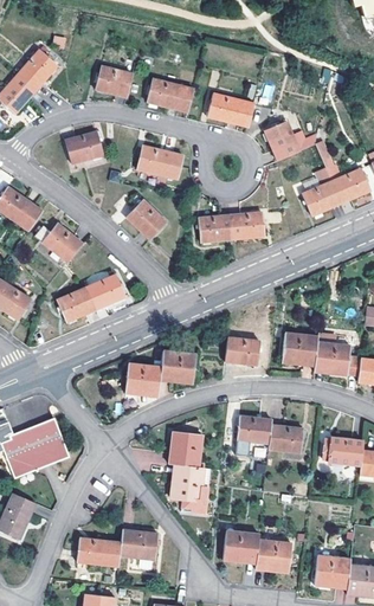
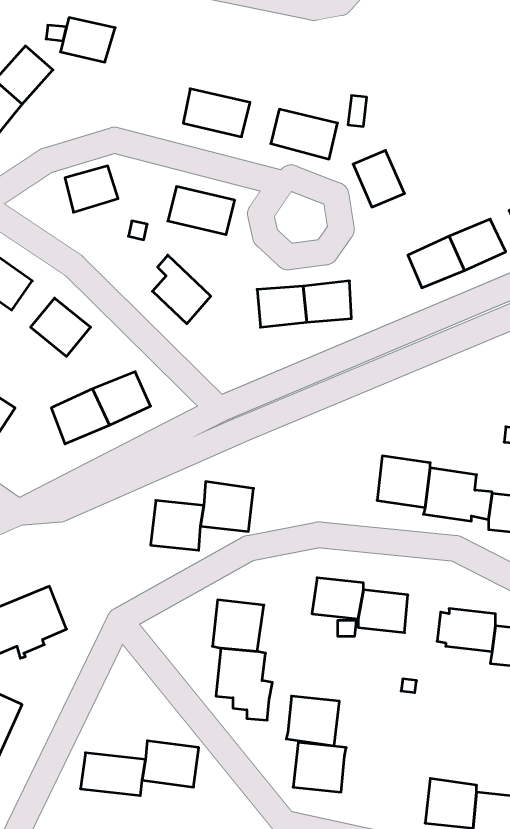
building: [95,66,133,97] -> [60,18,115,62]
building: [224,336,258,366] -> none
building: [254,539,291,573] -> [286,696,339,746]

